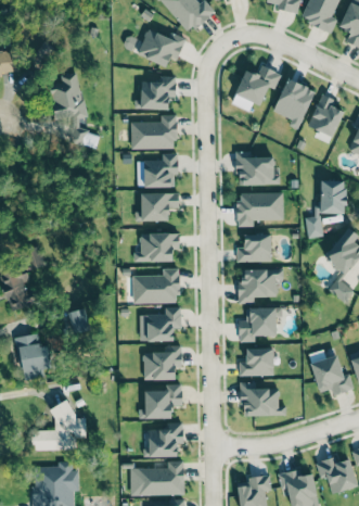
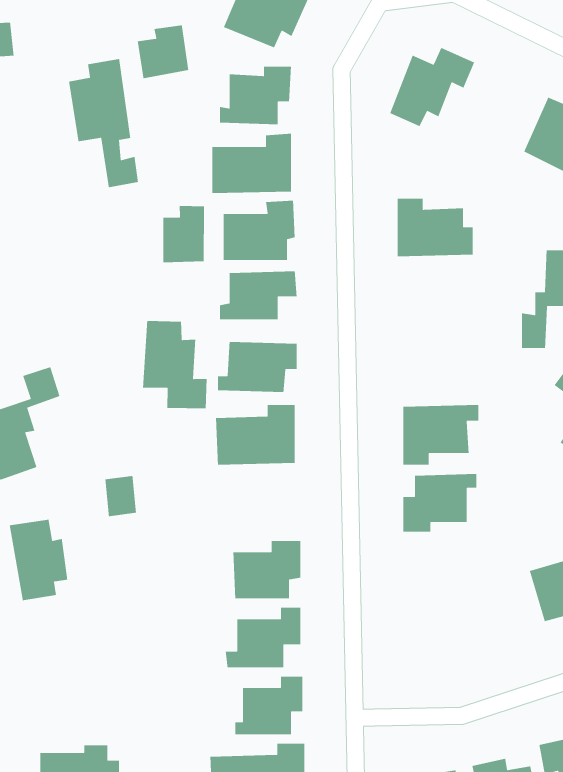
building: none -> [137,24,189,79]
building: [273,79,316,130] -> none
building: none -> [162,205,205,263]
building: [238,192,284,227] -> none
building: none -> [142,320,207,409]
building: [238,235,272,263] -> none
building: [146,307,182,342] -> none
building: [240,349,274,377] -> none
building: [242,383,286,417] -> none
building: [33,405,86,451] -> none

